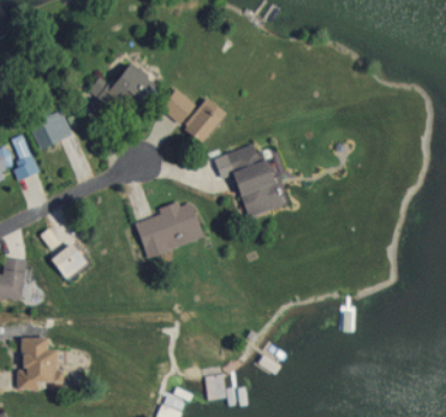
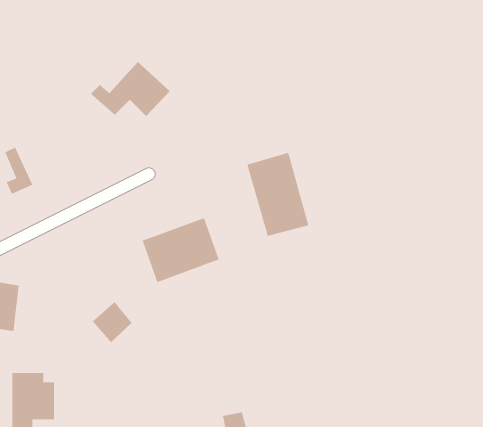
building: [160,89,226,145] -> none
building: [31,111,75,150] -> none
building: [50,243,87,280] -> [92,301,133,343]

